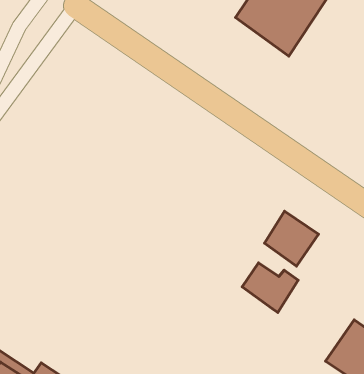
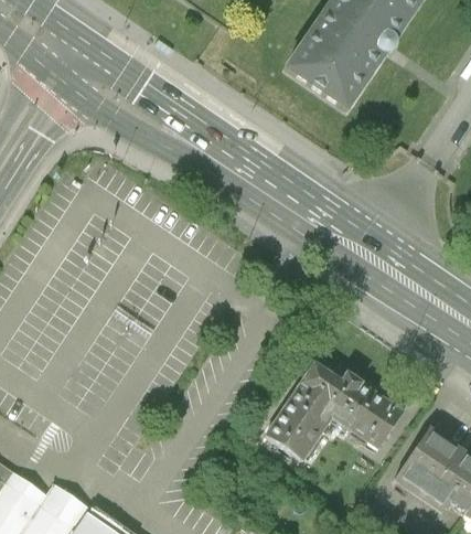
building: [264,211,319,266] -> [338,384,403,450]
building: none -> [265,392,331,460]

